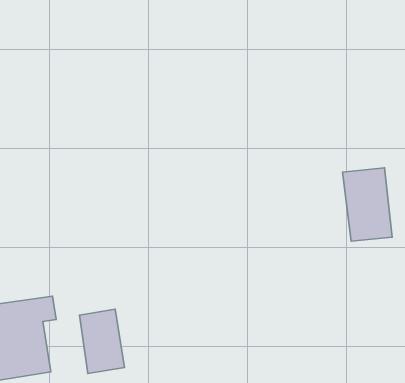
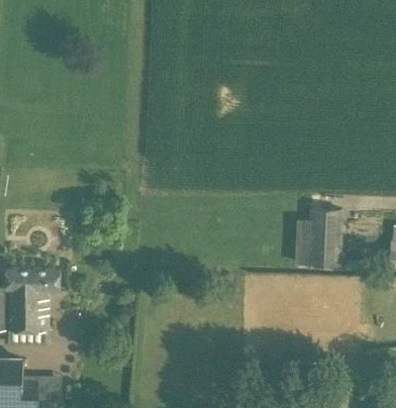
building: [79,309,124,374] -> none

